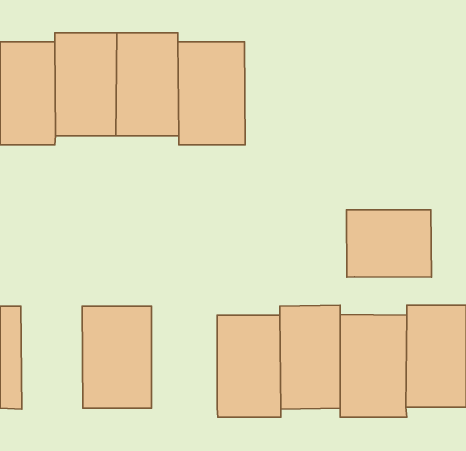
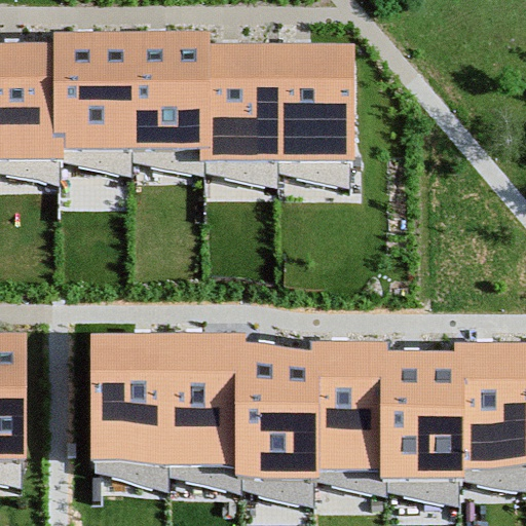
building: none -> [275,47,352,163]
building: [346,210,431,277] -> none
building: none -> [171,345,245,460]

